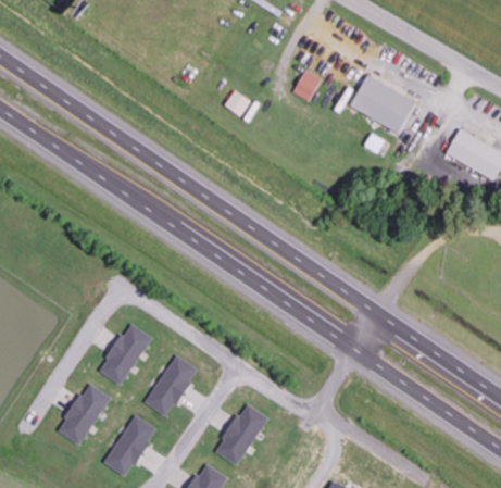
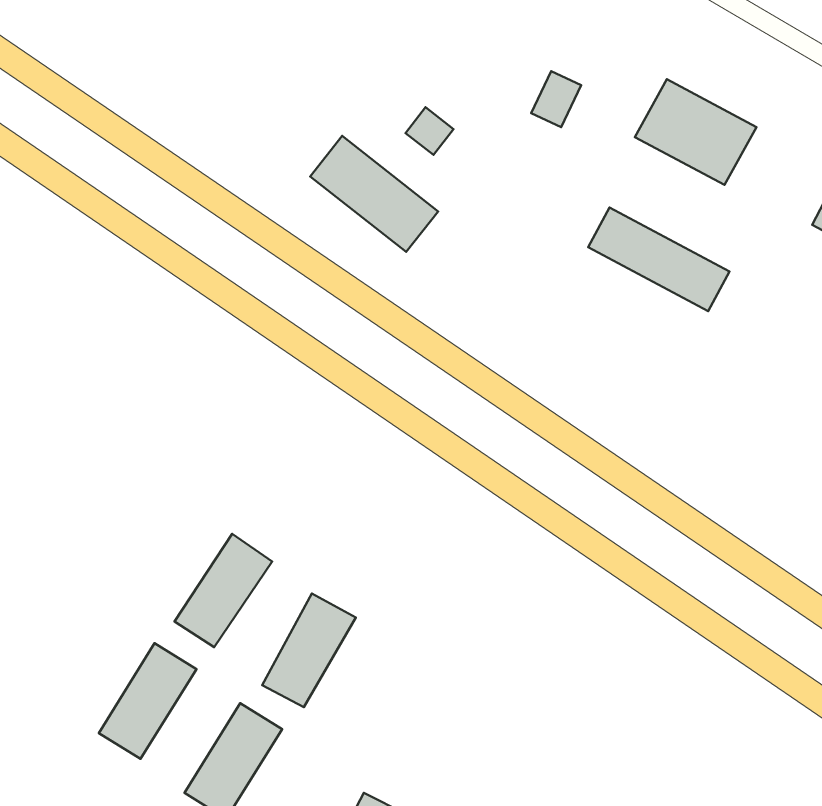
building: none -> [310,136,438,252]
building: none -> [588,207,729,311]
building: [214,403,267,466] -> none

